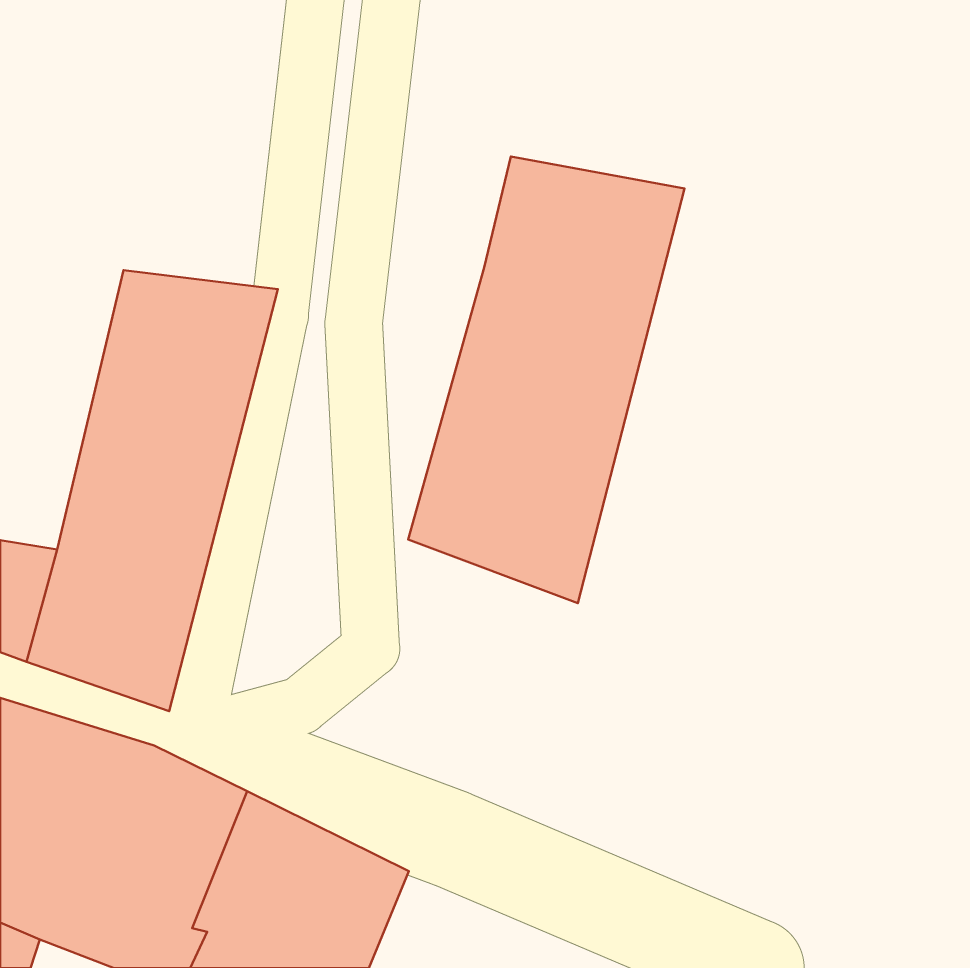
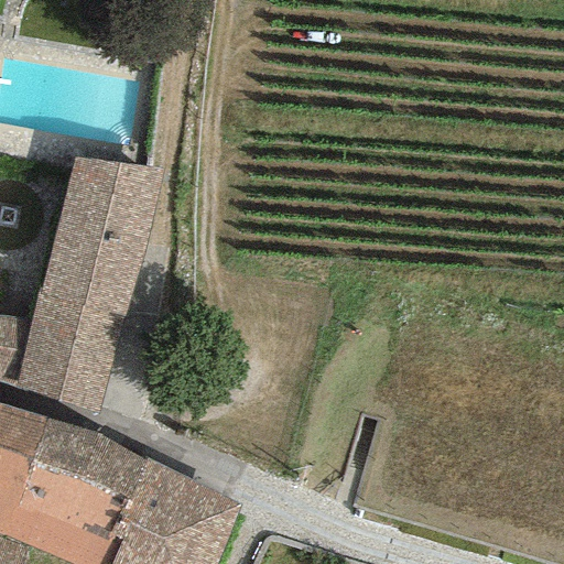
building: [408,157,684,603] -> none

